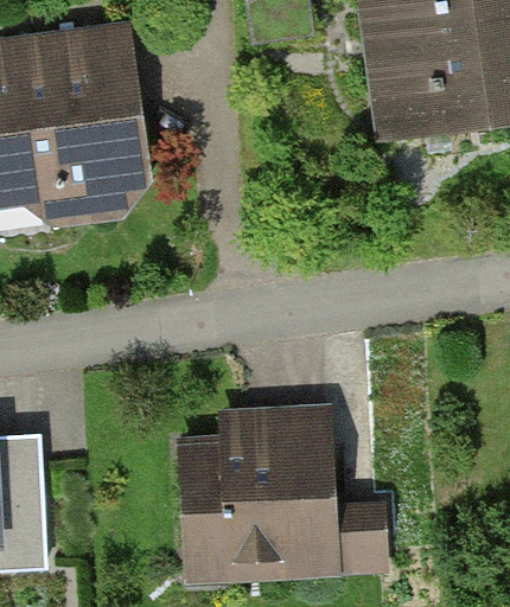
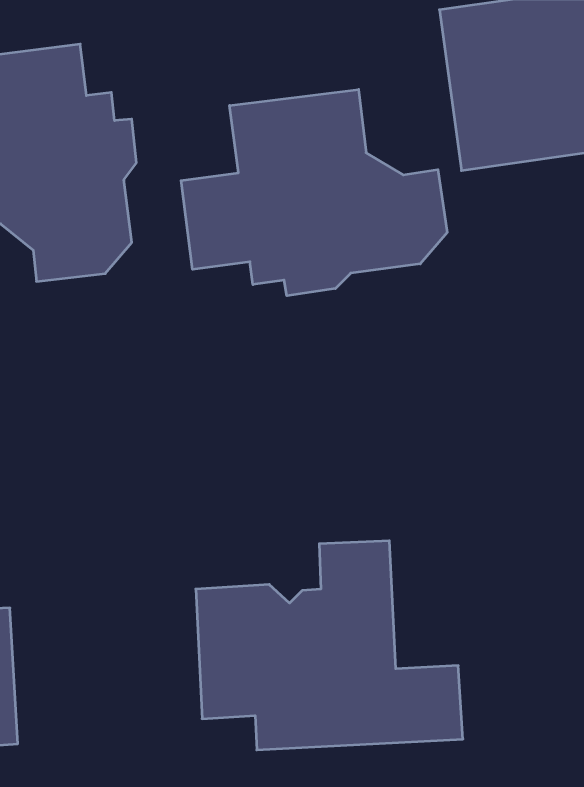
building: none -> [181,89,447,296]

